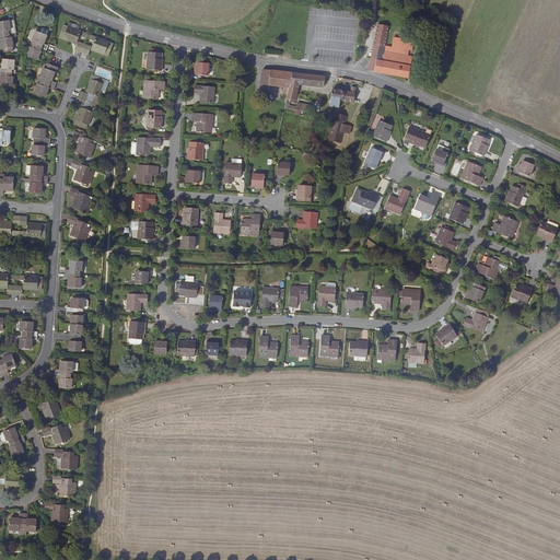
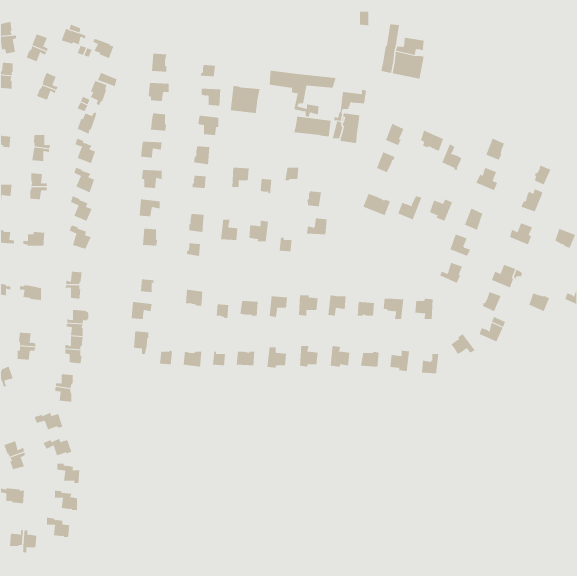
building: none -> [230,85,260,114]
building: none -> [293,116,331,137]

